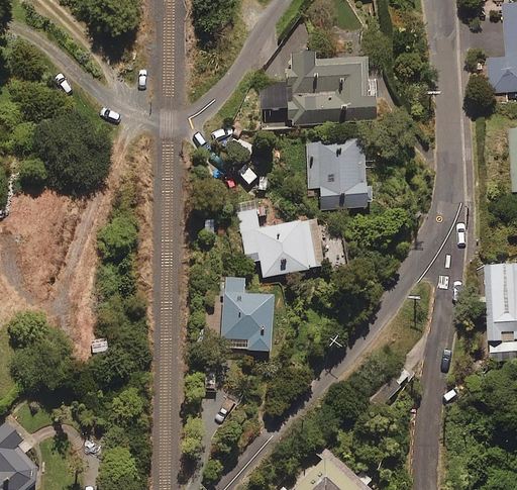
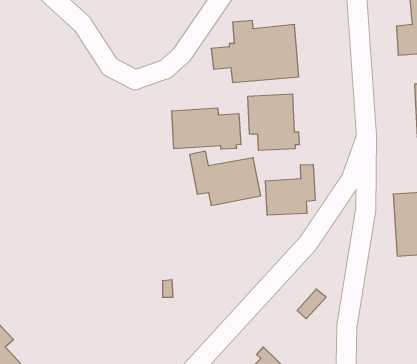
building: none -> [172,108,241,149]
building: none -> [265,164,315,215]
building: [219,277,272,351] -> none

